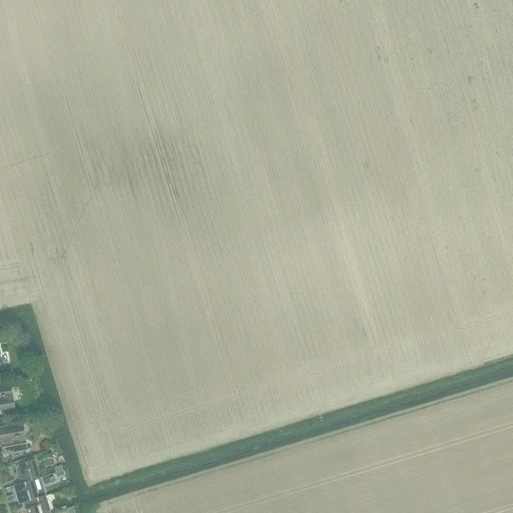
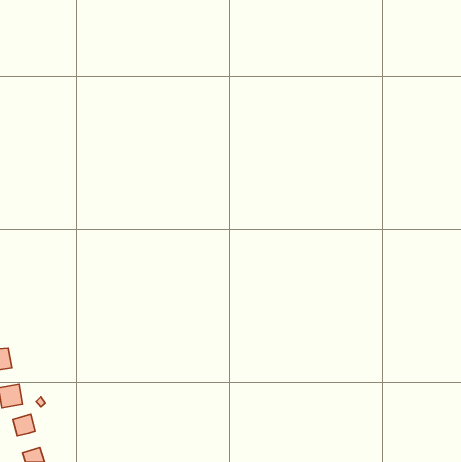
building: [12,480,44,504] -> none

